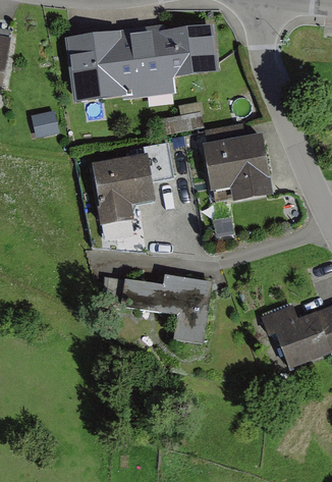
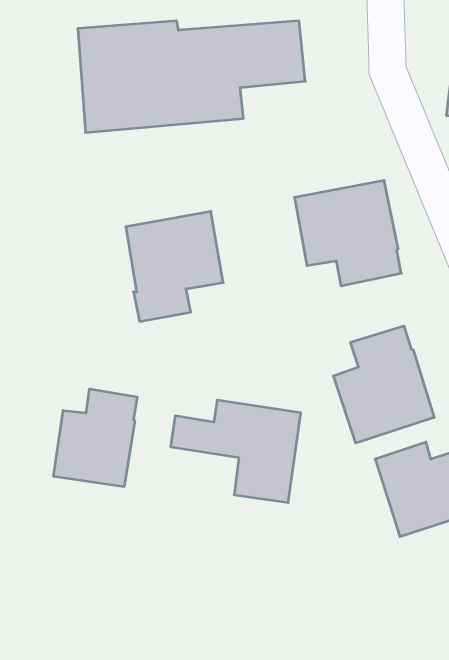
building: none -> [333,326,434,443]
building: none -> [54,389,137,487]

